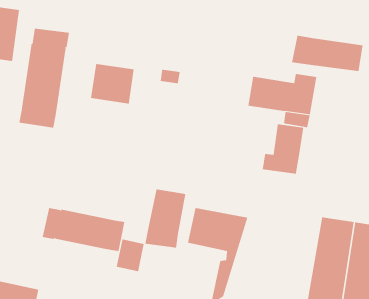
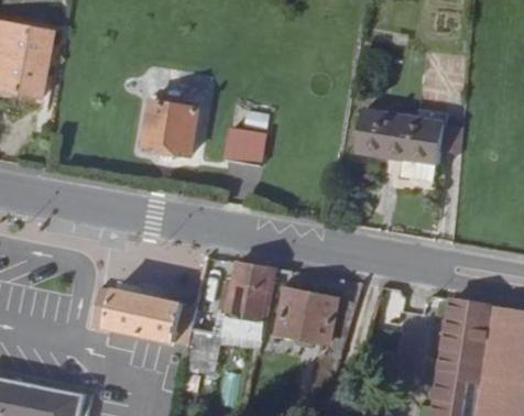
building: [19,28,69,128] -> none
building: [291,35,363,72] -> none
building: none -> [231,129,270,169]
building: [262,123,304,174] -> none

